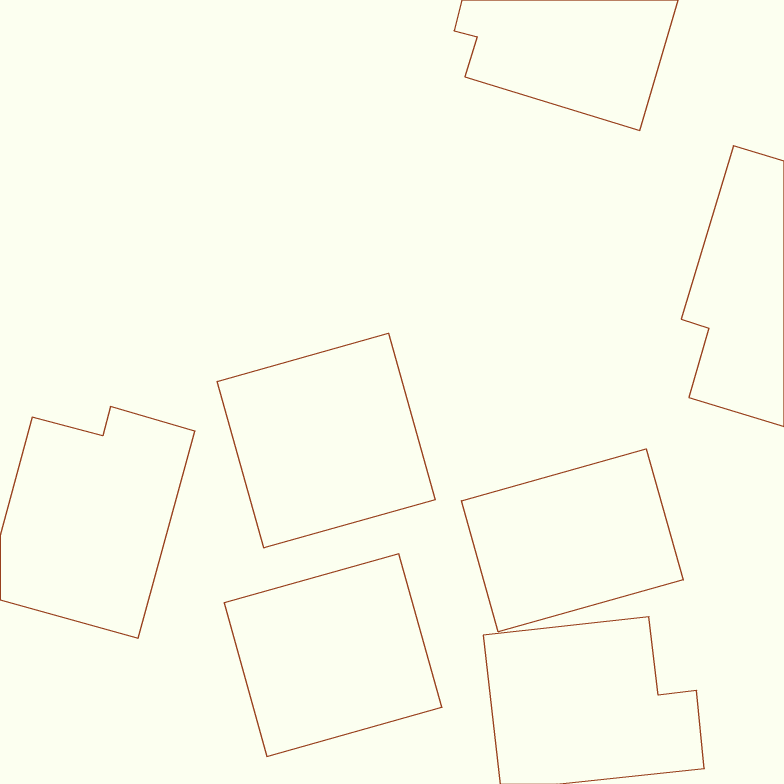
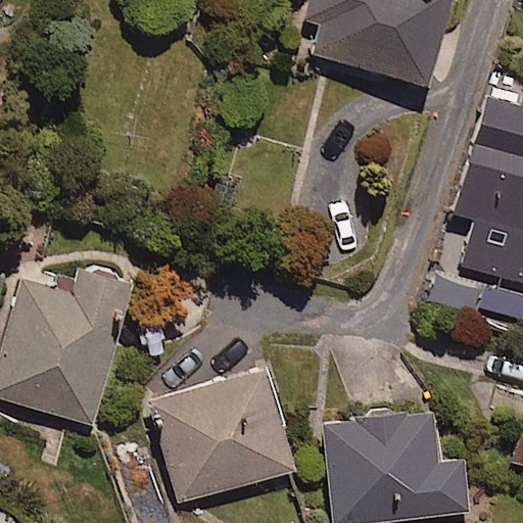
building: [217,333,435,548] -> none
building: [461,449,683,632] -> none

